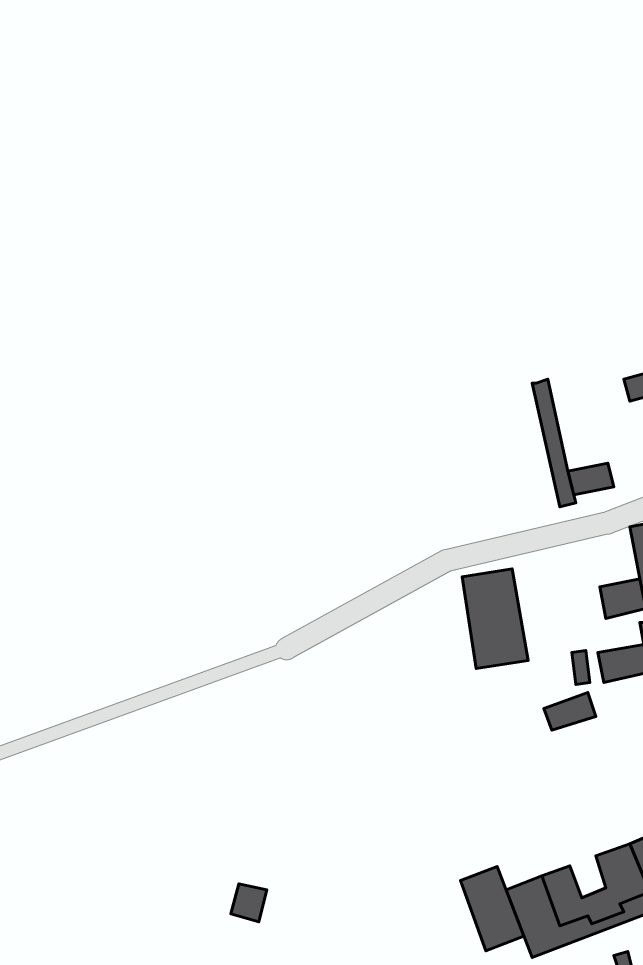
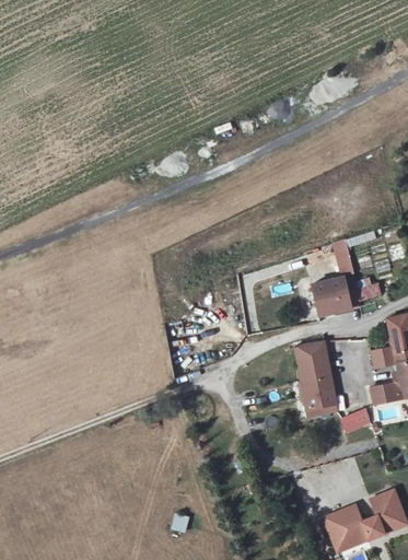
building: none -> [311,278,349,315]
building: none -> [303,392,335,415]
building: [460,867,524,951] -> none

